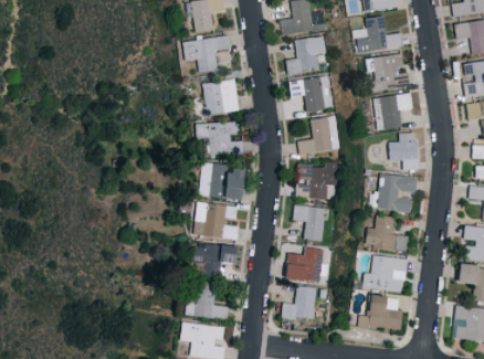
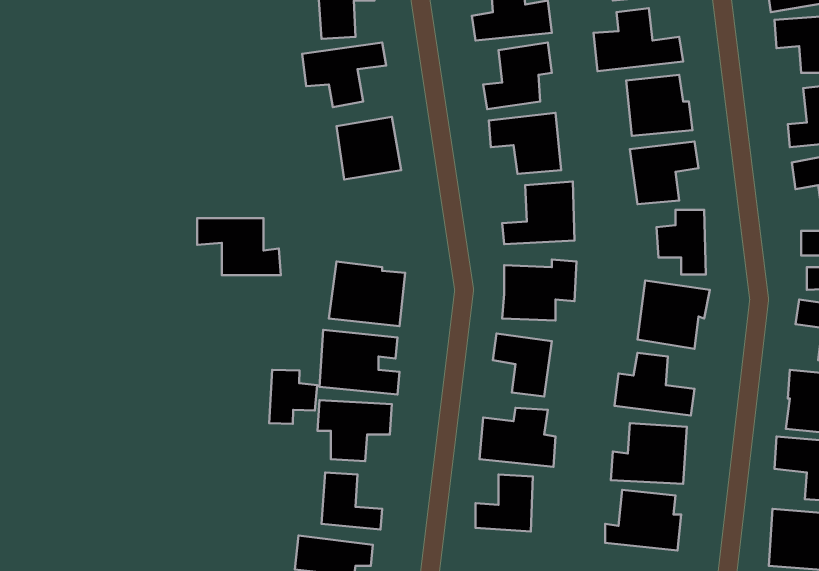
building: [196,123,244,156] -> [197,218,281,275]
building: none -> [269,370,317,424]

